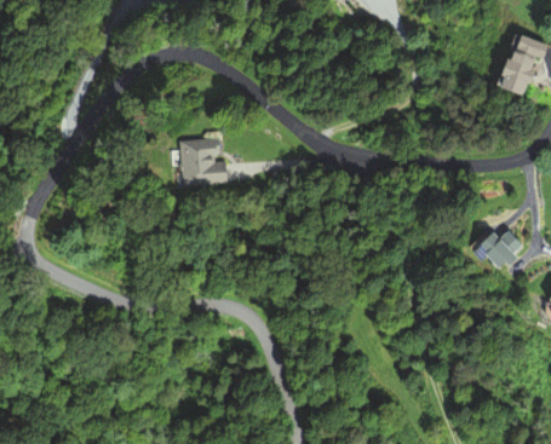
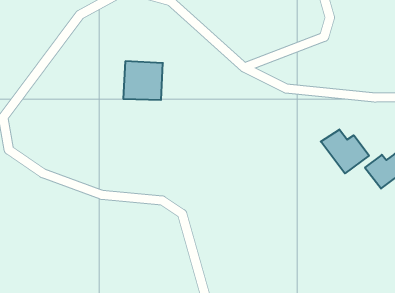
building: none -> [321,129,369,173]

